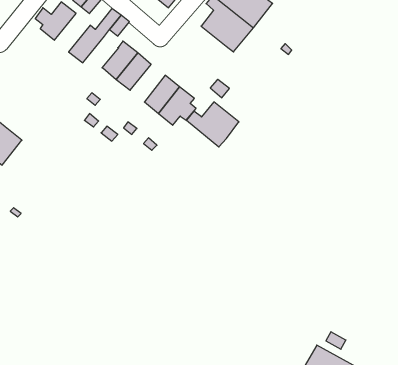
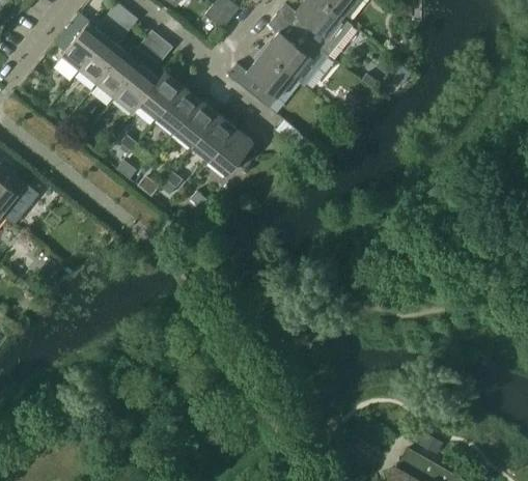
building: none -> [79,36,123,84]
building: none -> [114,64,159,112]
building: none -> [173,100,217,146]
building: [186,102,239,147] -> [227,52,293,108]

